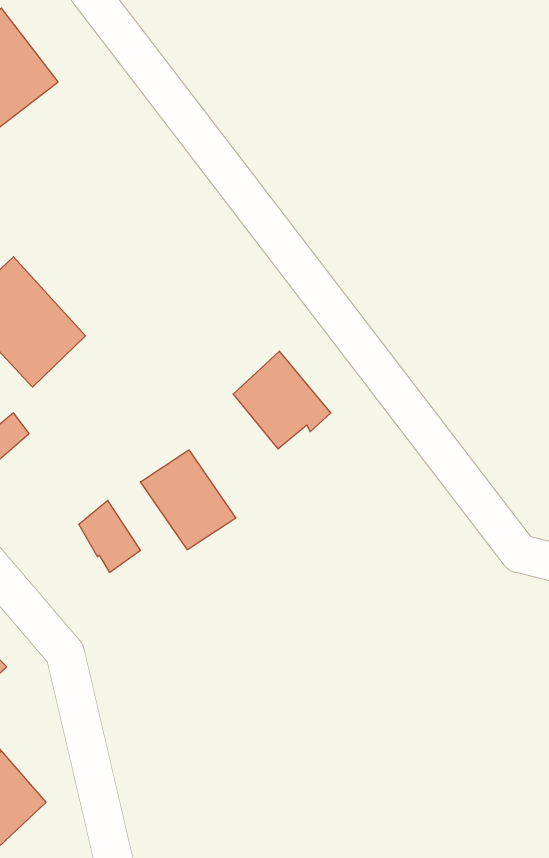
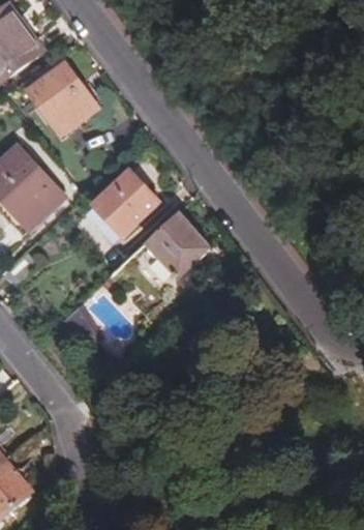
building: none -> [32,68,96,136]
building: none -> [90,167,155,234]
building: [140,450,236,550] -> none

